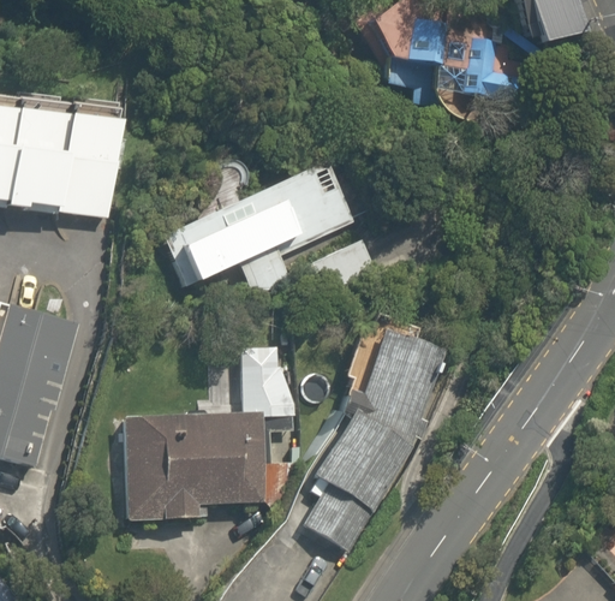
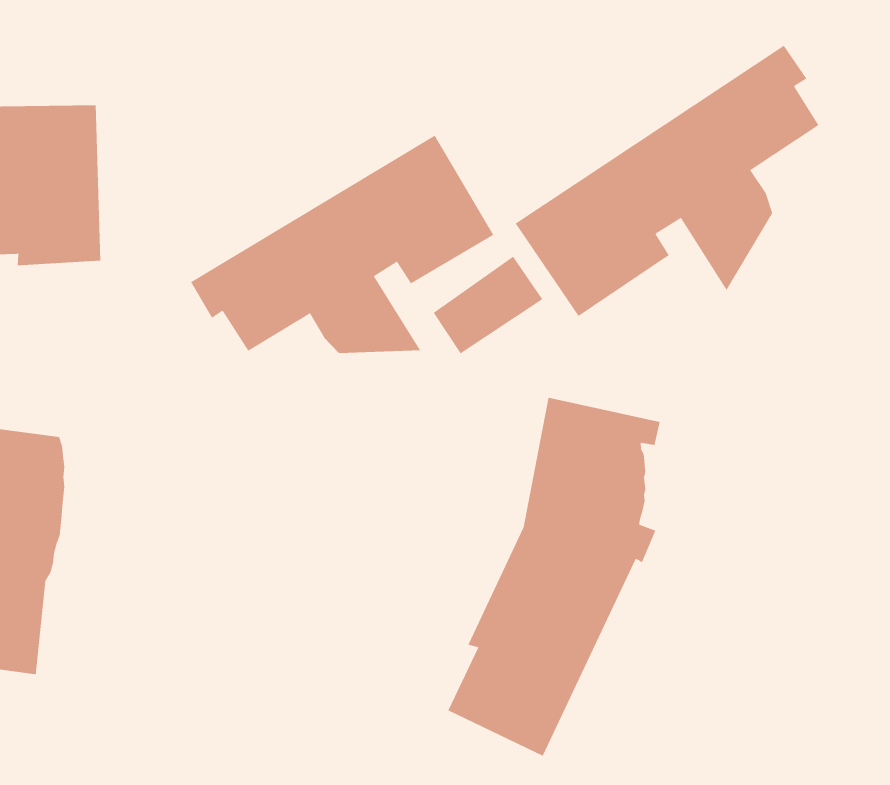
building: none -> [515,45,819,317]
building: [125,344,297,520] -> none

